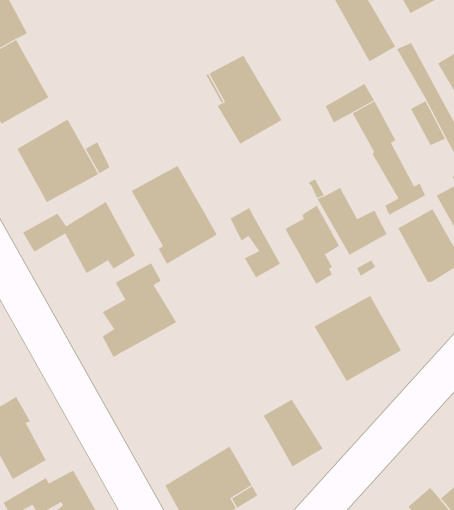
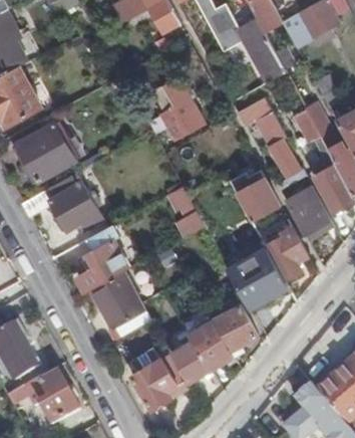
building: [131,165,217,265] -> [90,269,151,340]
building: [284,205,340,284] -> [269,226,308,282]
building: none -> [212,303,257,350]
building: none -> [171,338,212,381]

